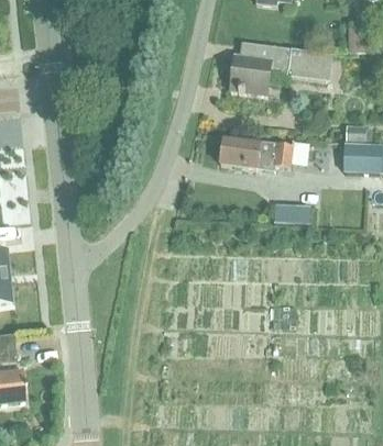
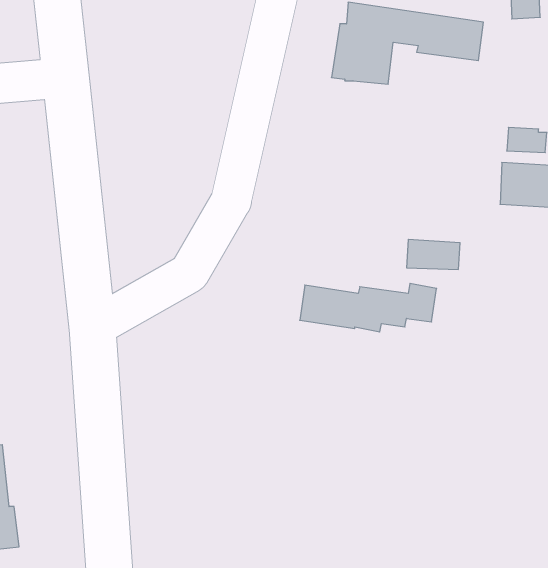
building: [220,138,310,170] -> [300,283,437,332]

